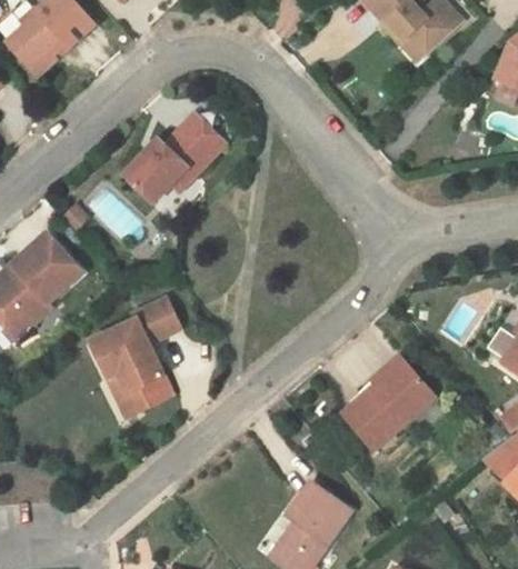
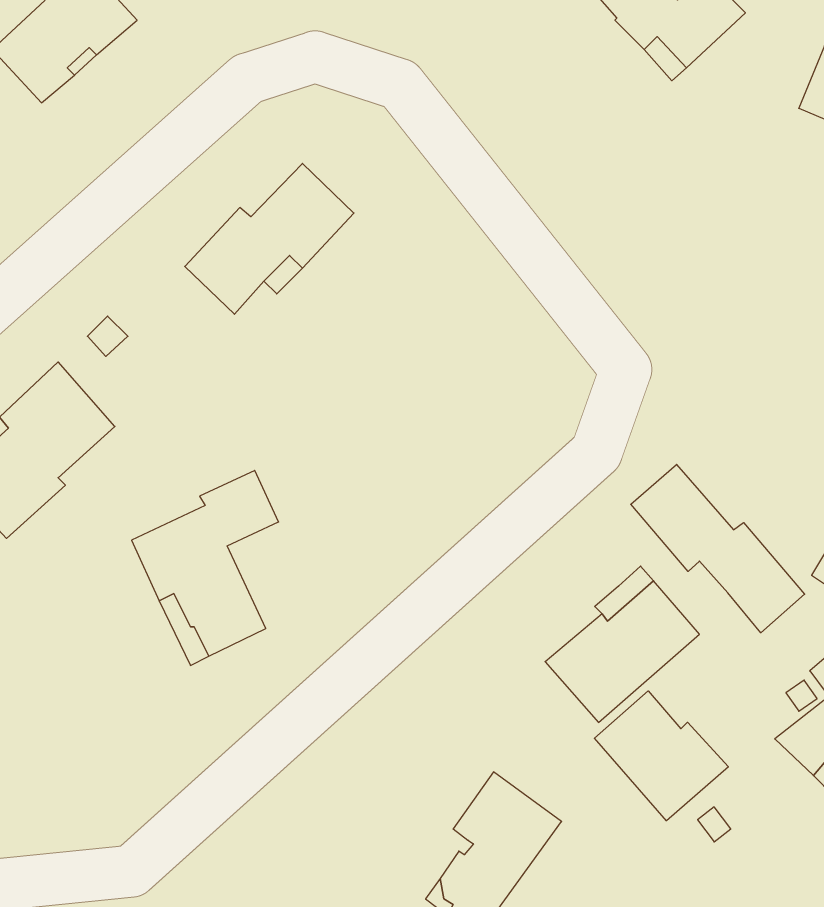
building: none -> [631,464,805,633]
building: none -> [594,691,728,821]

